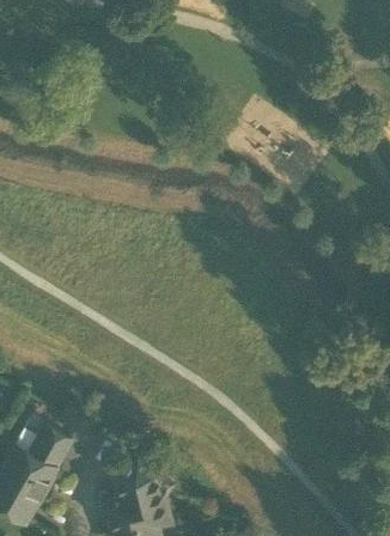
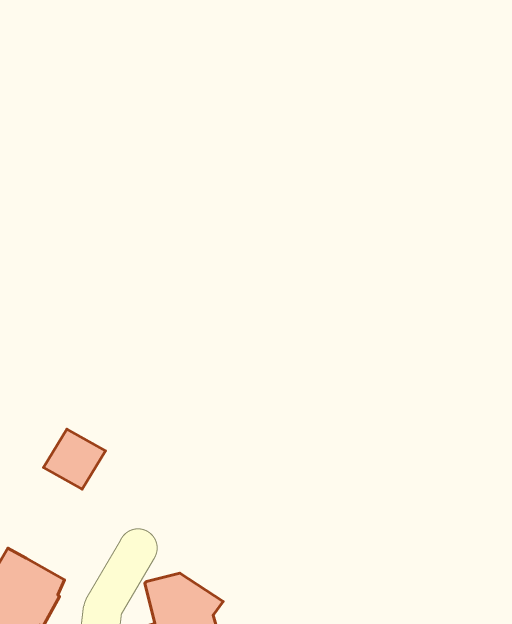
building: [30,425,74,468] -> [44,429,105,489]

